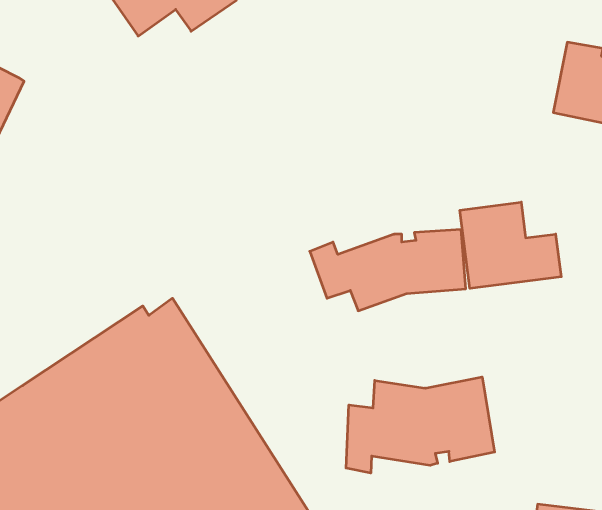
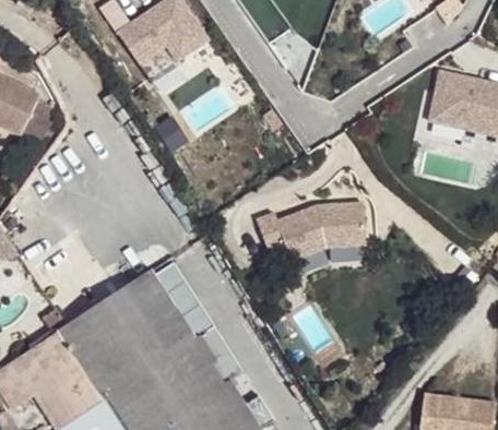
building: [460,202,561,288] -> none
building: [346,377,495,473] -> none

